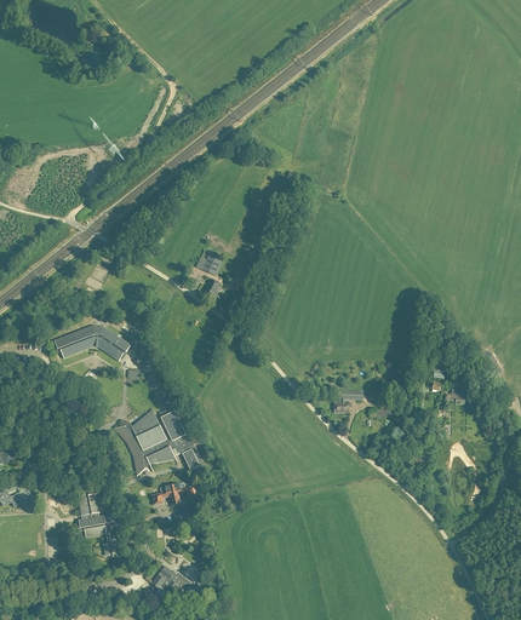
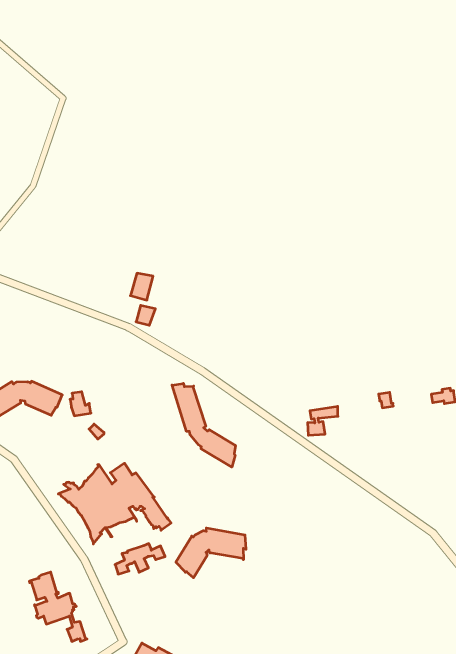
building: none -> [172,383,235,467]
building: none -> [176,528,246,578]

